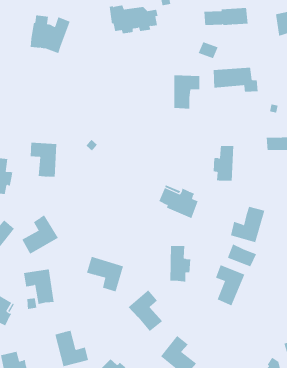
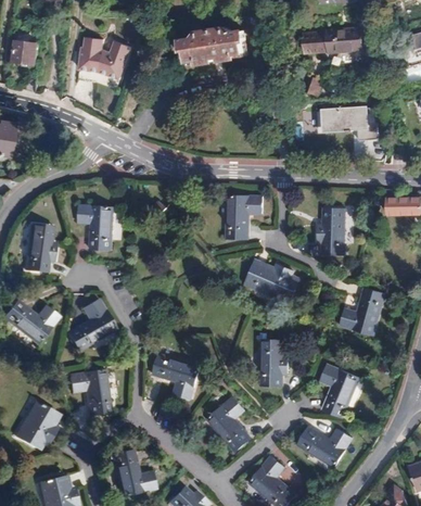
building: [174,75,200,109] -> [227,194,261,239]
building: [227,244,257,267] -> none
building: none -> [296,426,352,467]

